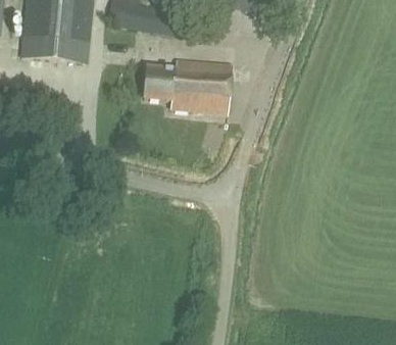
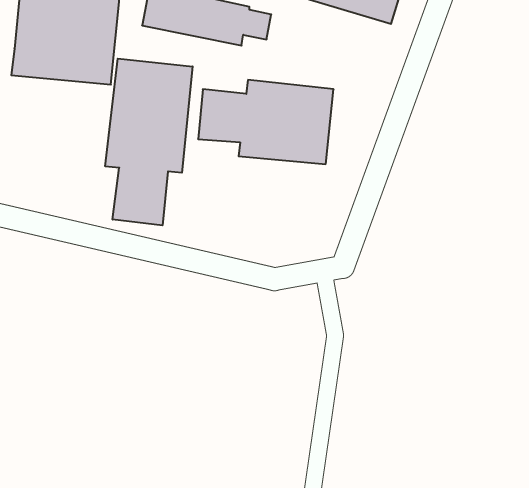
building: none -> [105,59,193,225]

